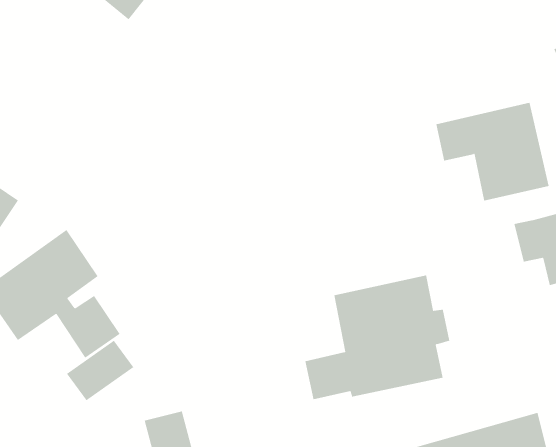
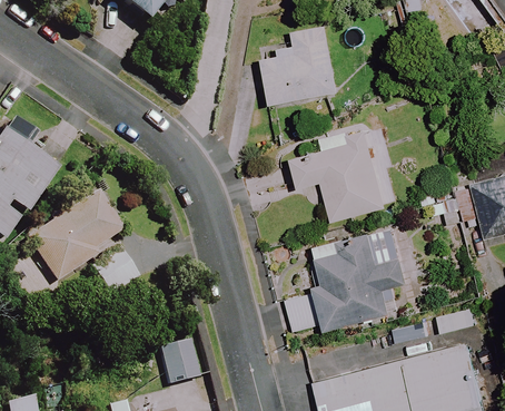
building: none -> [264,21,341,102]
building: [435,102,549,201] -> [294,139,386,219]
building: [66,340,134,401] -> none

